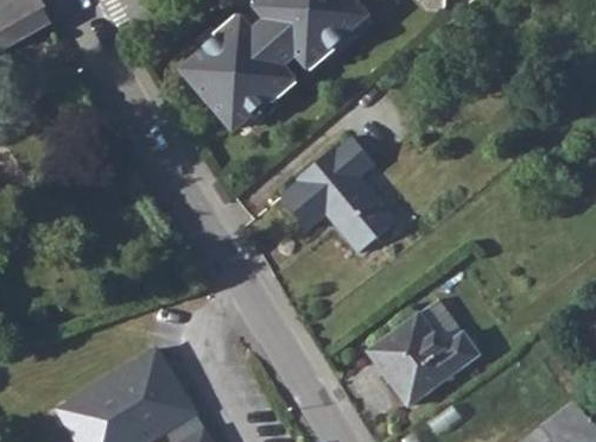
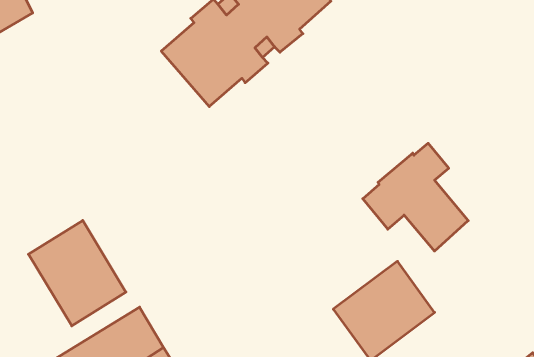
building: [279,137,394,254] -> [363,143,468,251]
building: none -> [28,220,126,326]

